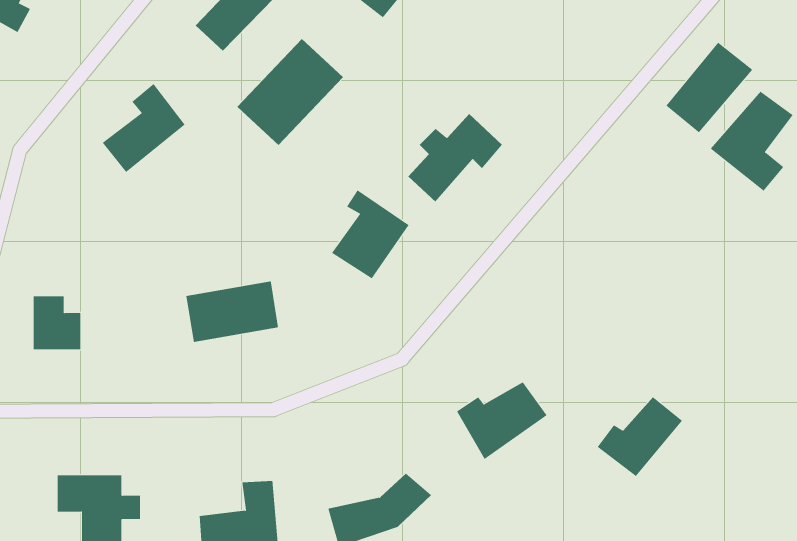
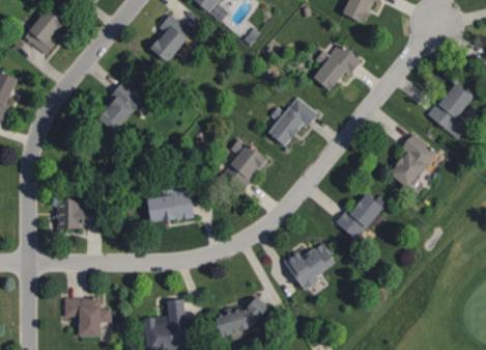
building: none -> [310,46,359,90]
building: [236,38,344,146] -> none
building: [666,42,753,133] -> [394,139,442,190]
building: [597,397,683,477] -> [341,195,389,240]

